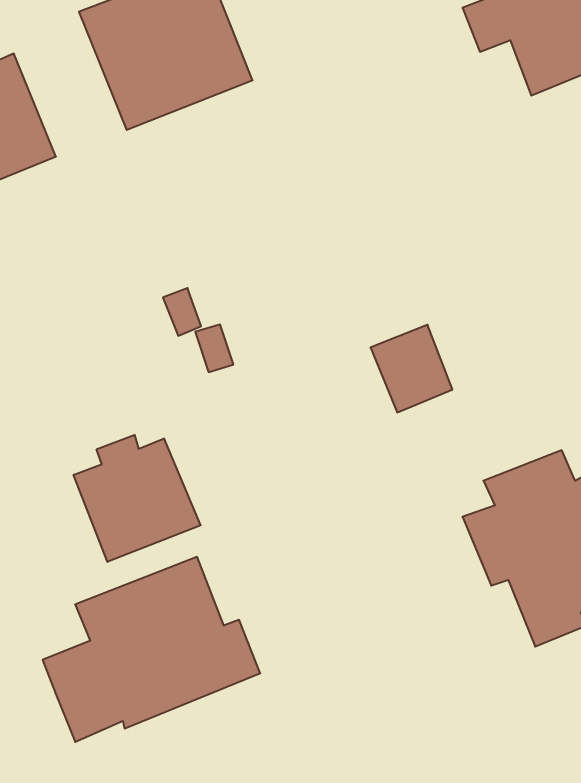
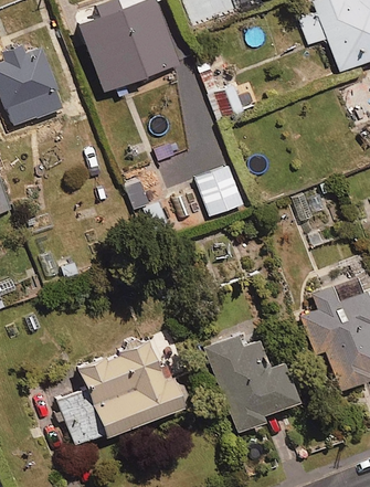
building: [370,325,452,412] -> [194,167,242,218]
building: [74,435,201,562] -> none
building: none -> [205,339,297,432]

